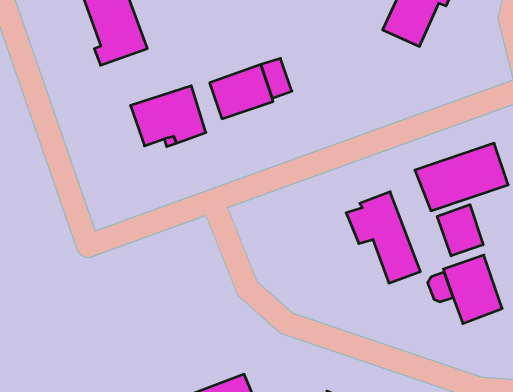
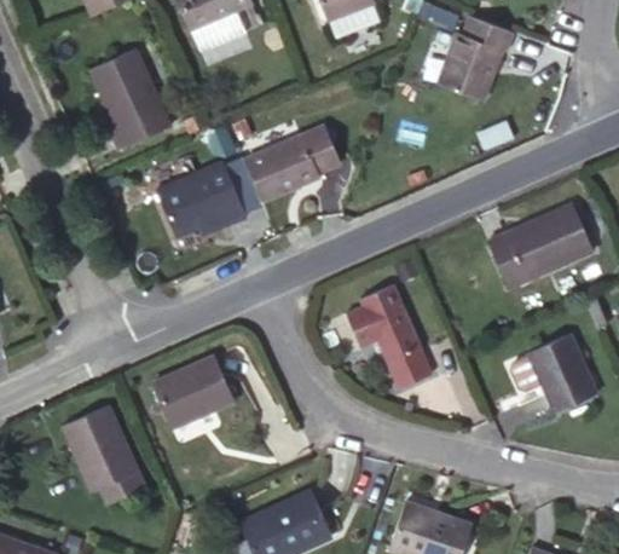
building: [346,192,420,283] -> [345,284,434,388]
building: [437,205,483,256] -> none
building: none -> [152,356,232,428]
building: none -> [60,404,146,503]

